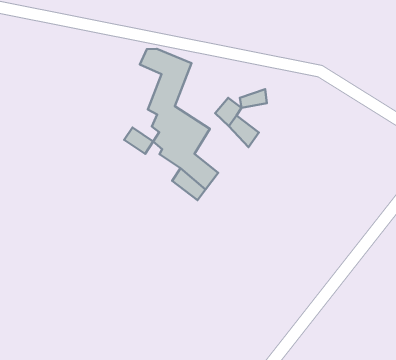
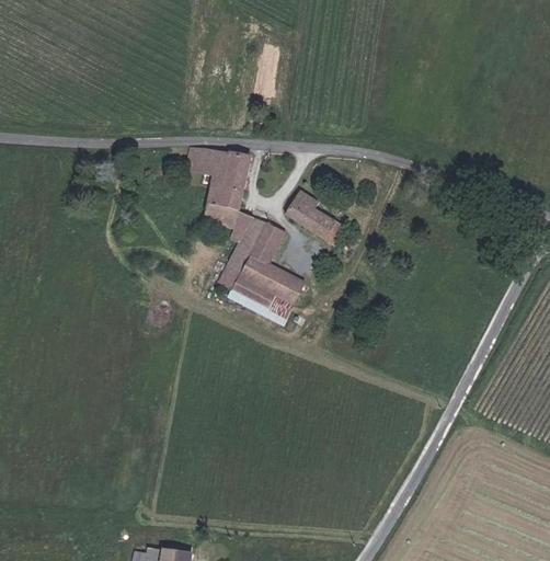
building: [240,89,267,108] -> none
building: [124,127,153,154] -> [220,270,255,299]

